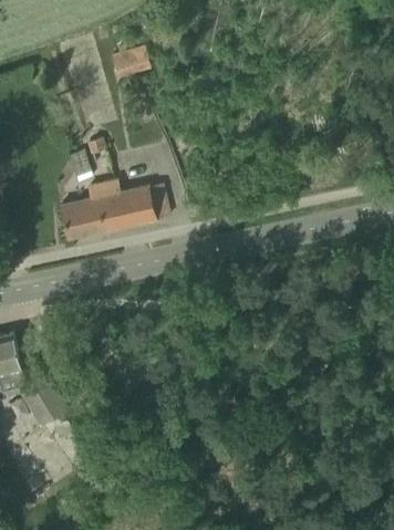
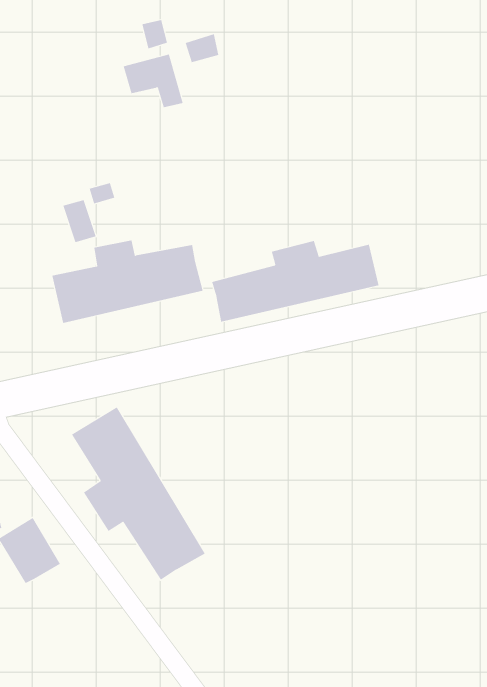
building: none -> [212,240,379,322]
building: none -> [71,406,205,581]

